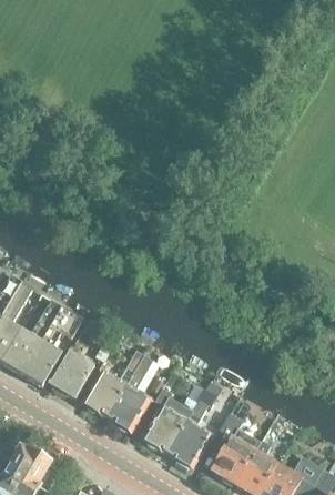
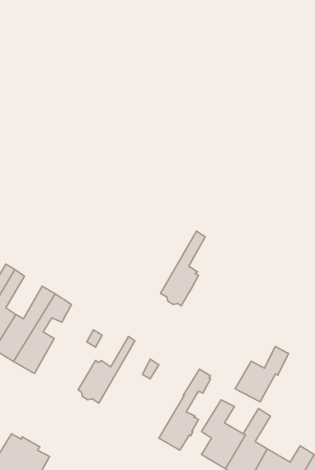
building: [49,350,94,397] -> none
building: [106,353,152,428] -> [160,231,205,306]
building: none -> [235,347,289,402]
building: [145,394,193,452] -> none

